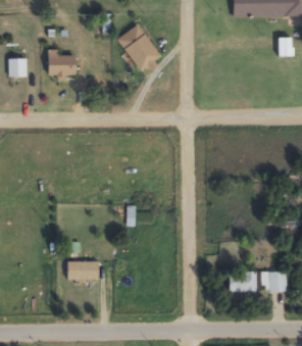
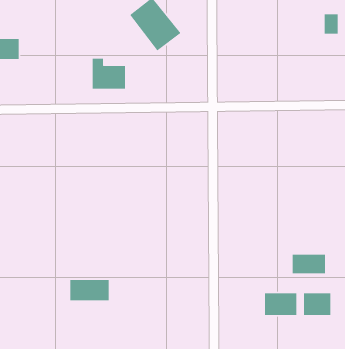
building: [48,48,77,75] -> [92,58,126,89]
building: none -> [292,254,326,274]

